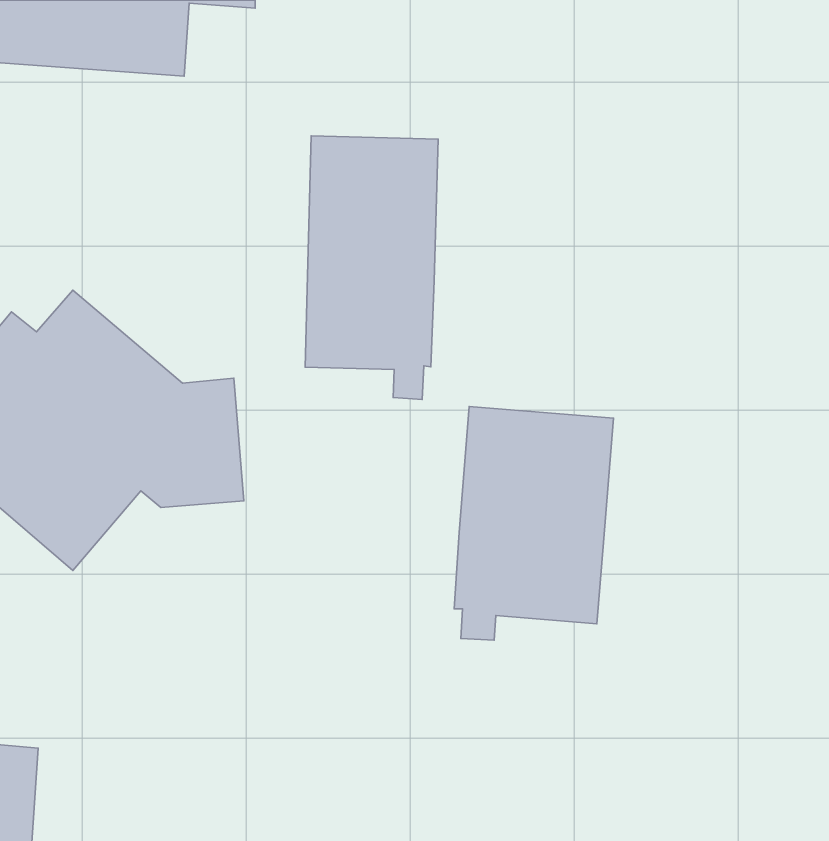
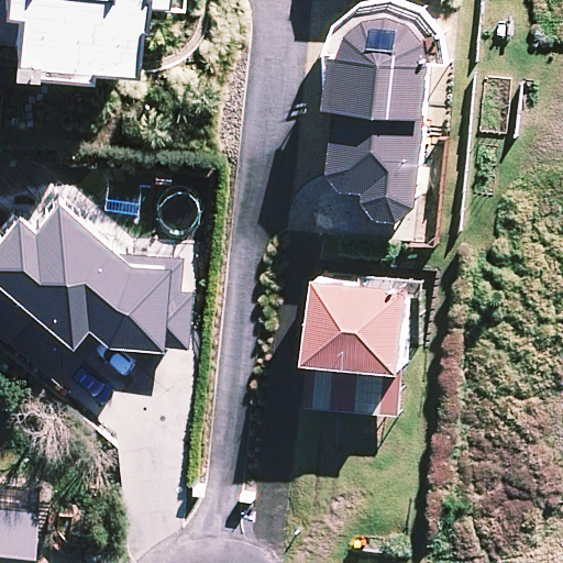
building: none -> [323,11,426,214]
building: [305,136,438,399] -> none

